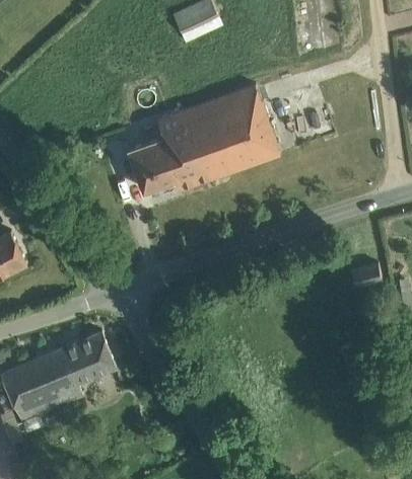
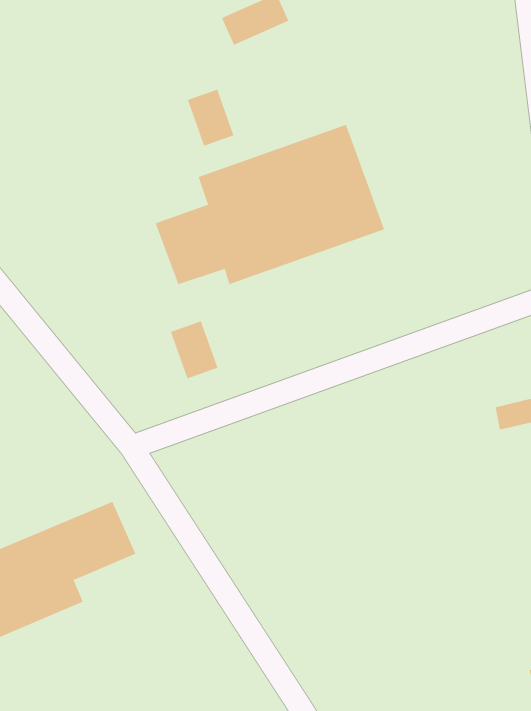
building: none -> [187,89,234,146]
building: none -> [170,321,218,379]

